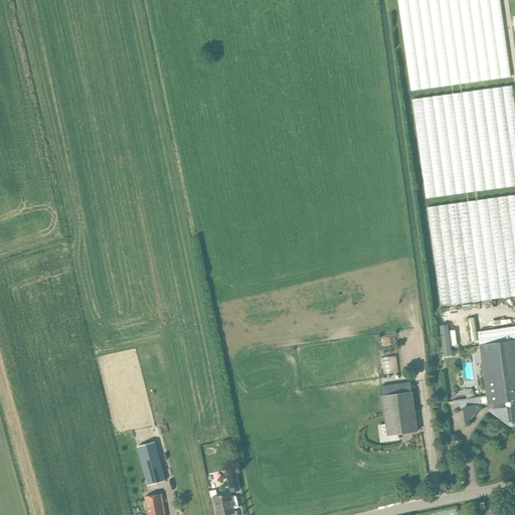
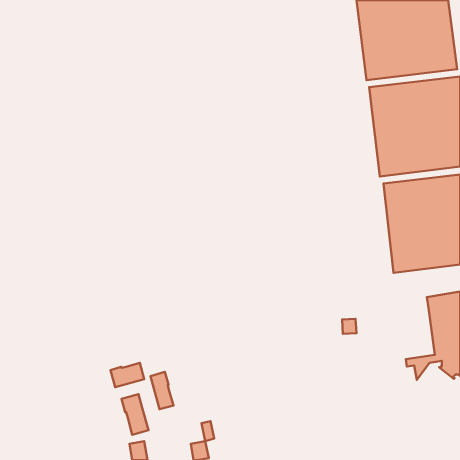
building: [382,391,417,435] -> none
building: none -> [110,363,144,387]
building: none -> [150,372,173,409]

